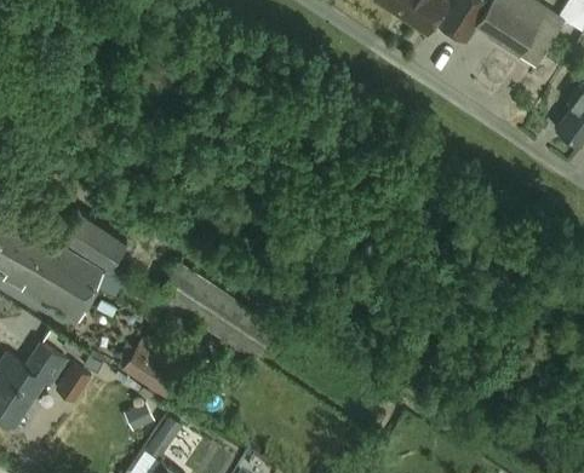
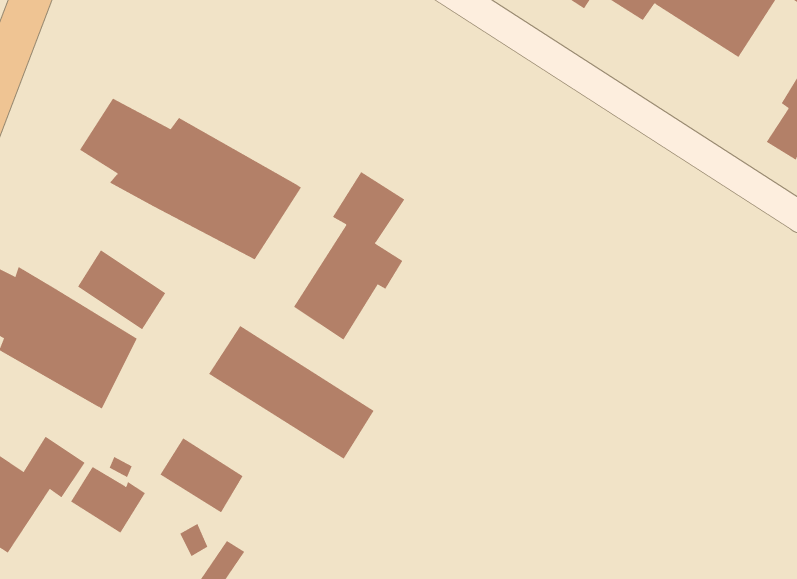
building: none -> [79,98,302,260]
building: none -> [293,171,405,340]

